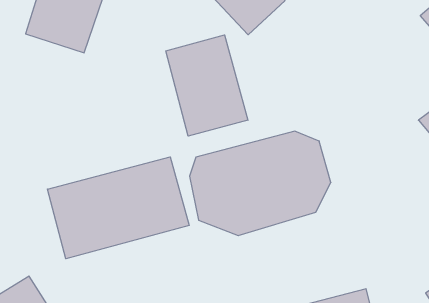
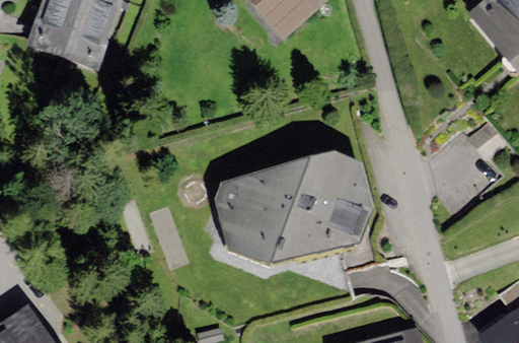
building: [166,35,248,136] -> none
building: [47,157,189,259] -> none

